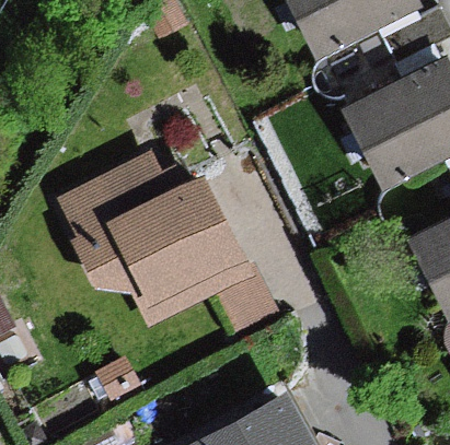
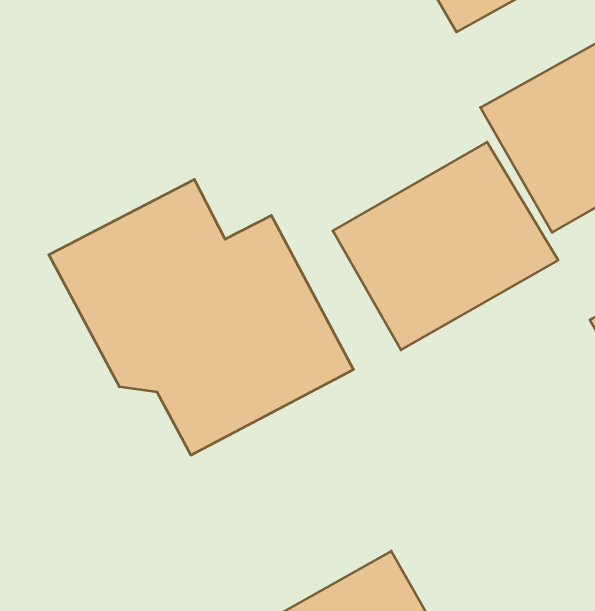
building: none -> [333,142,558,350]

